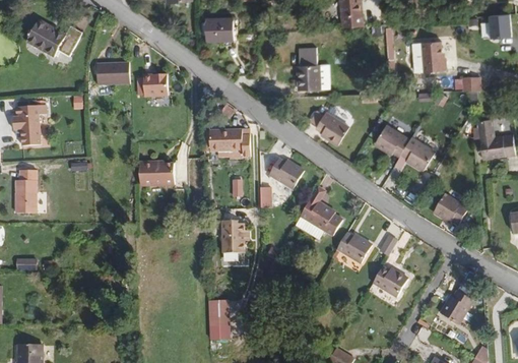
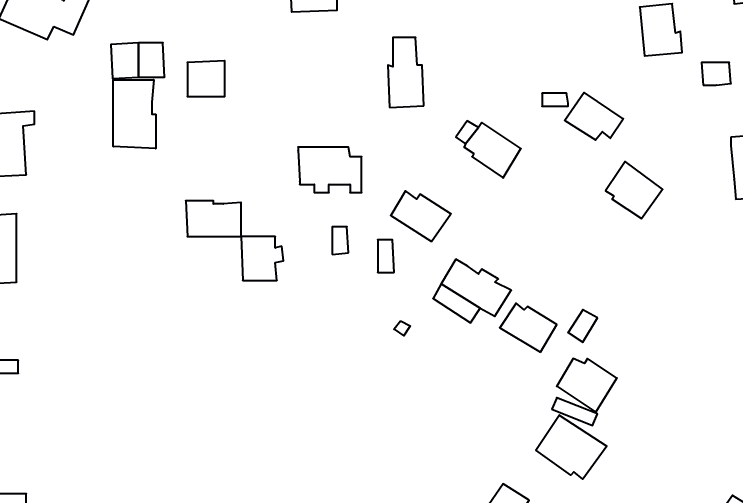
building: [297,47,319,90] -> [388,37,424,107]
building: none -> [113,80,156,149]
building: [373,127,409,157] -> [565,93,623,140]
building: [433,193,468,225] -> none
building: [220,223,247,250] -> [241,237,283,280]
building: [438,289,472,324] -> none
building: none -> [536,415,607,479]
building: [211,305,230,336] -> none

